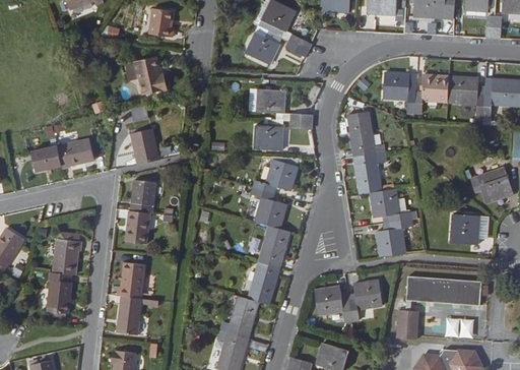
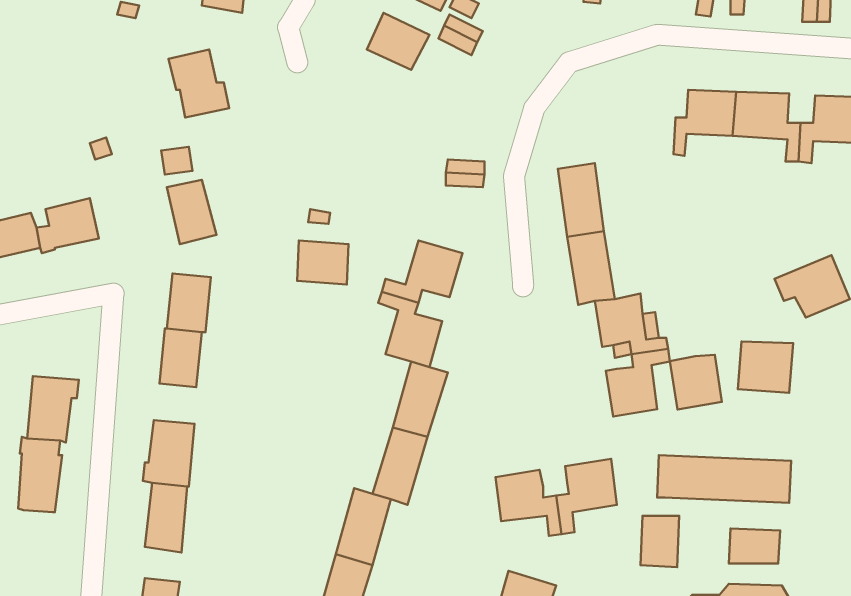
building: [381,73,414,111] -> none
building: [255,89,284,114] -> none
building: [253,126,281,150] -> [297,241,349,285]
building: none -> [670,355,722,410]

